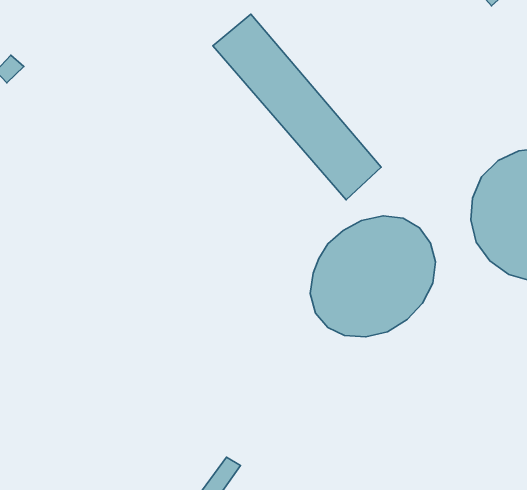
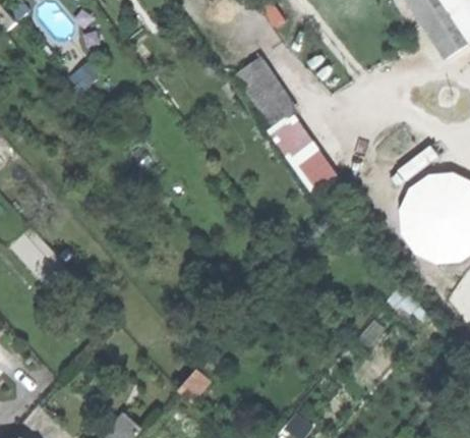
building: [310,216,435,337] -> none

